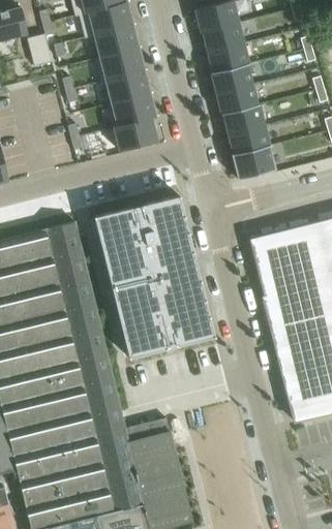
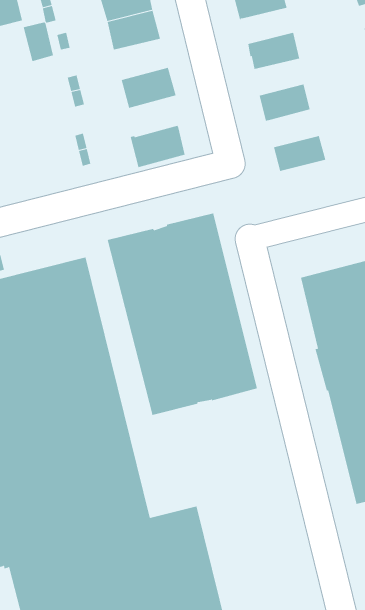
building: [202,24,244,53] -> none
building: [99,49,144,82] -> none
building: [210,65,252,94] -> none
building: [112,94,155,127] -> none
building: [222,104,265,135] -> none
building: [231,146,276,180] -> none

